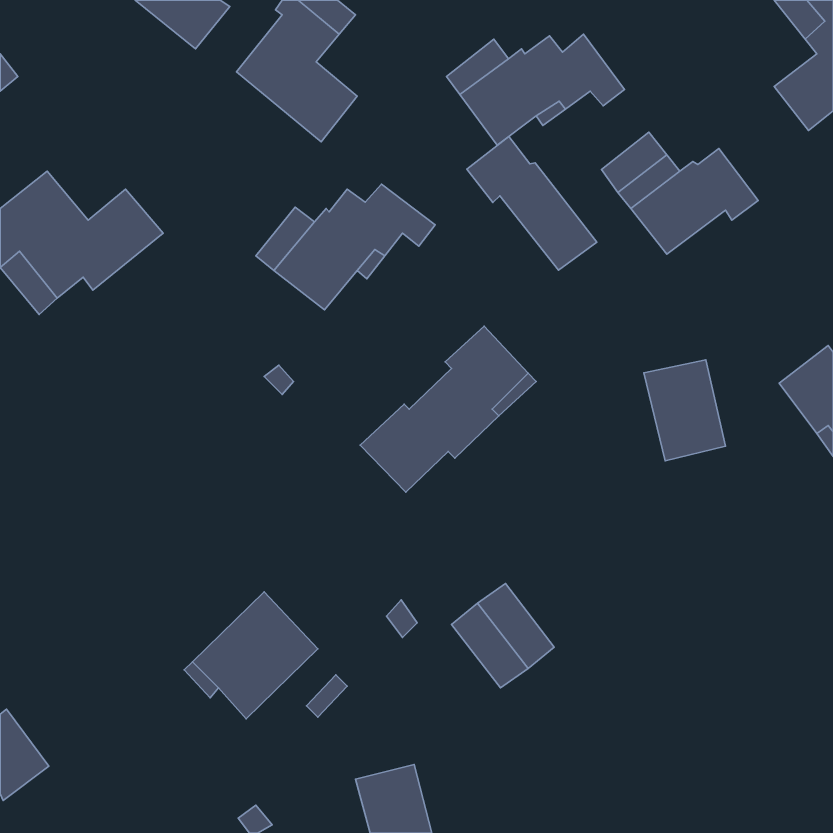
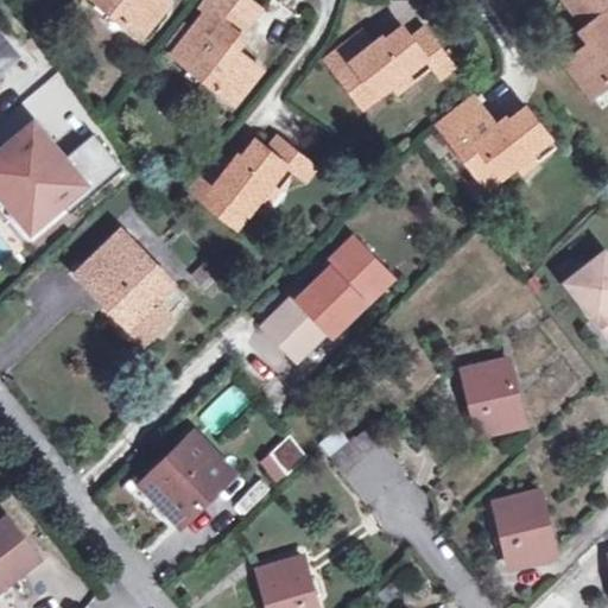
building: [467,136,597,270] -> none
building: none -> [80,233,170,342]
building: [644,360,725,461] -> [462,360,521,433]
building: none -> [494,492,552,565]

